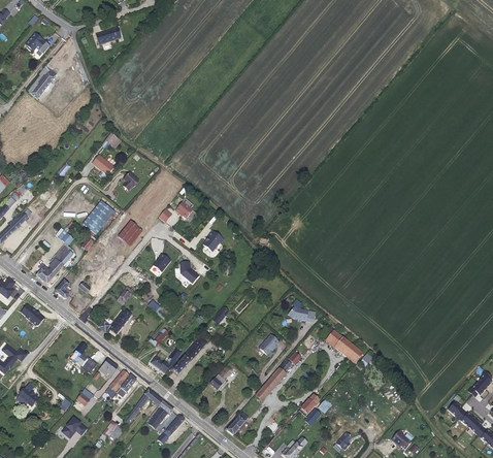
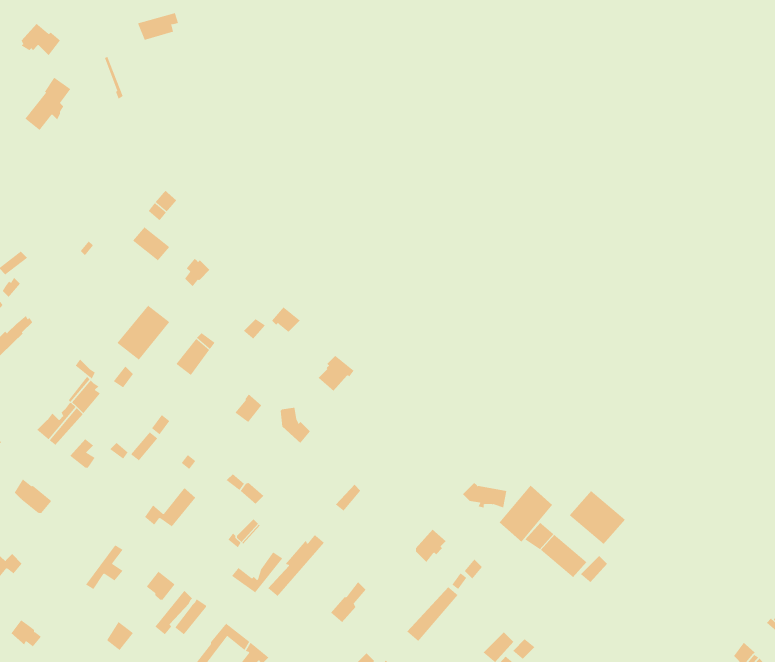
building: none -> [499,485,553,542]
building: none -> [569,490,626,545]

